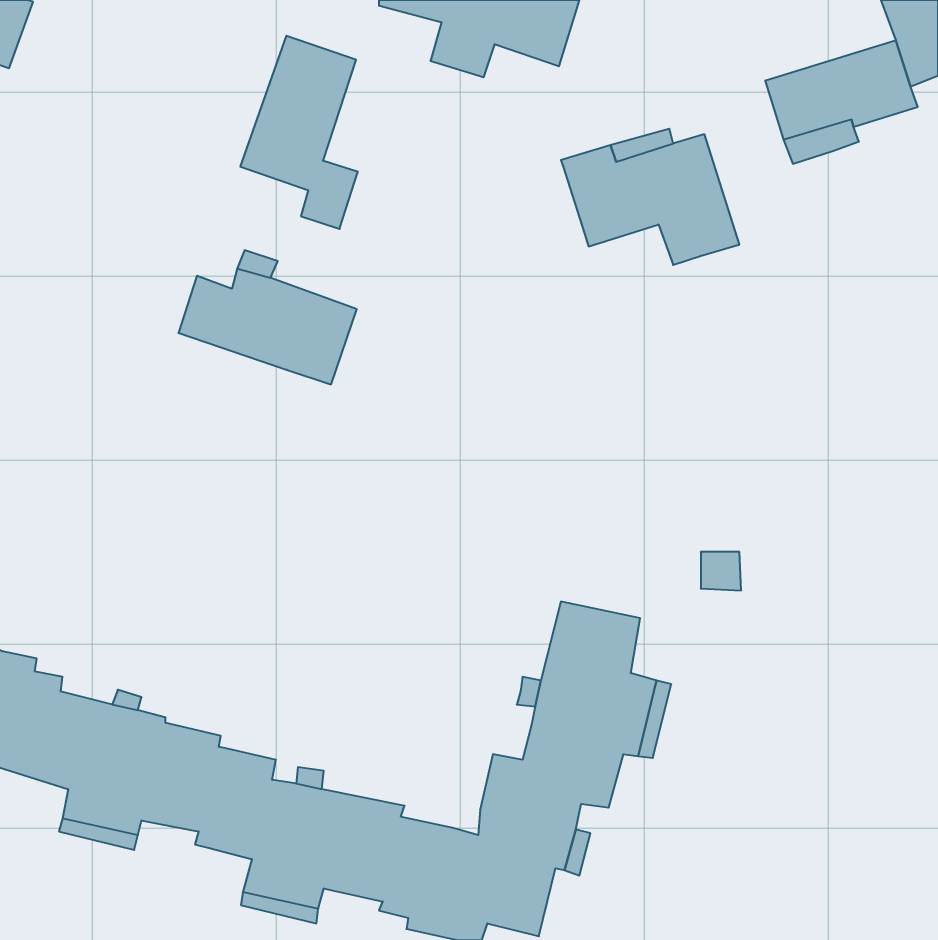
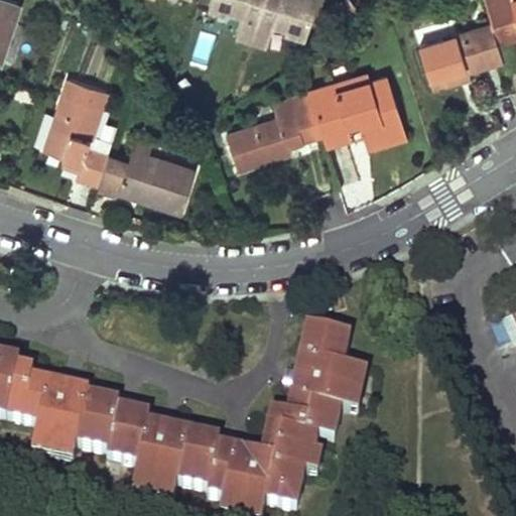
building: [240,36,358,229] -> [43,77,108,182]
building: none -> [228,91,321,168]

